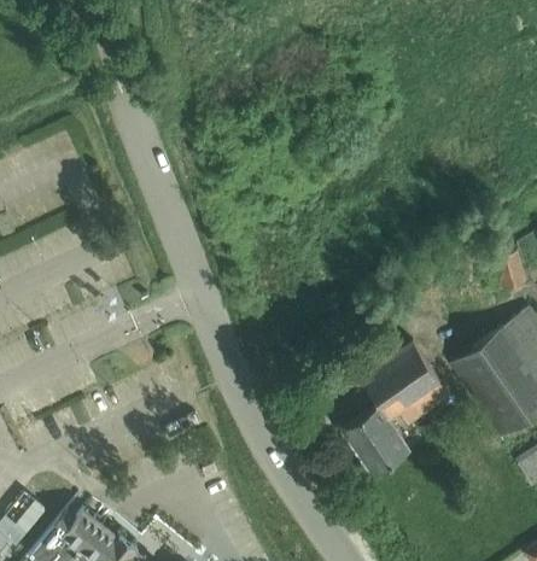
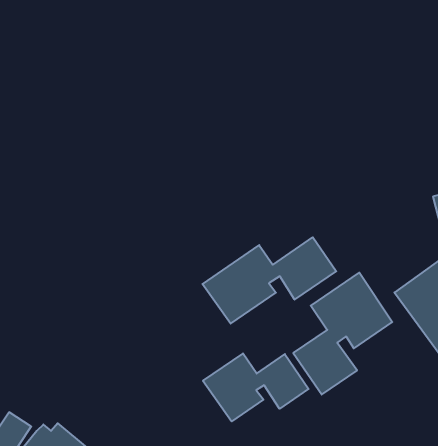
building: none -> [202,237,336,324]
building: none -> [203,353,309,421]

